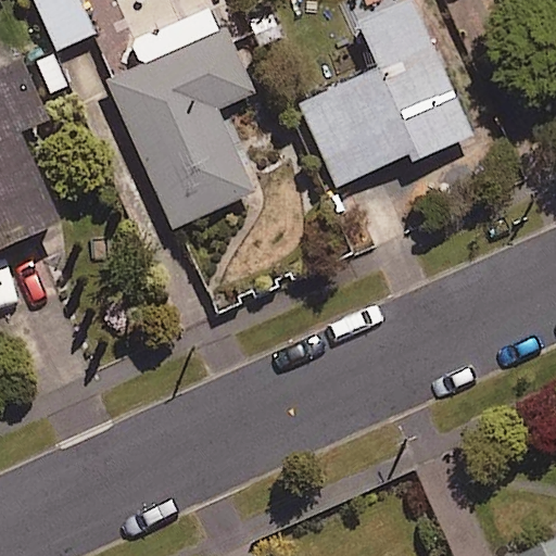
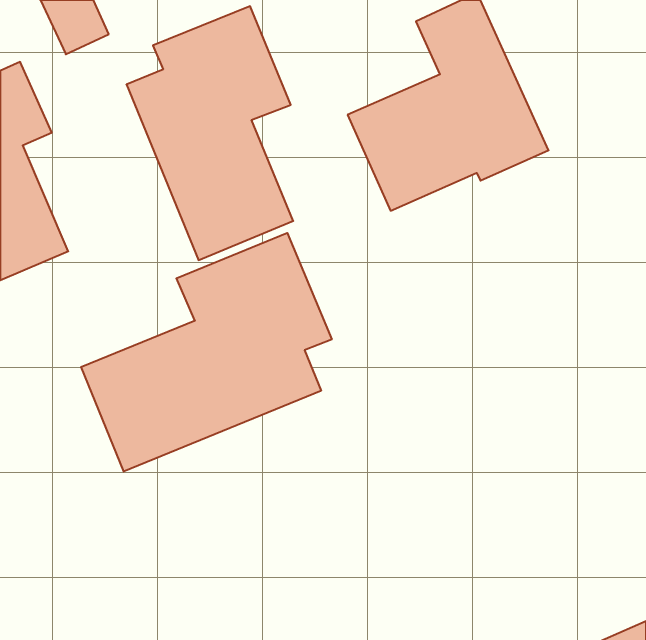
building: none -> [81,233,332,472]

